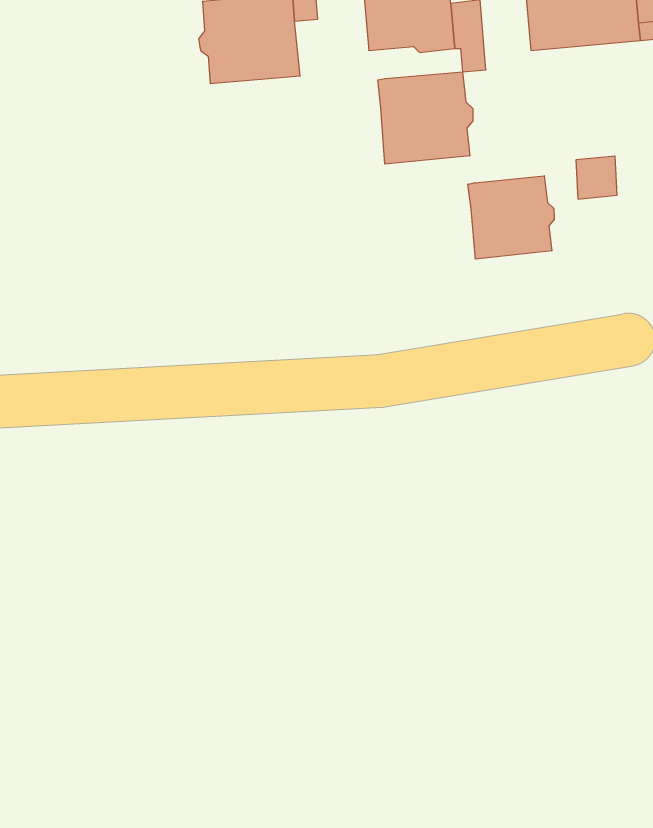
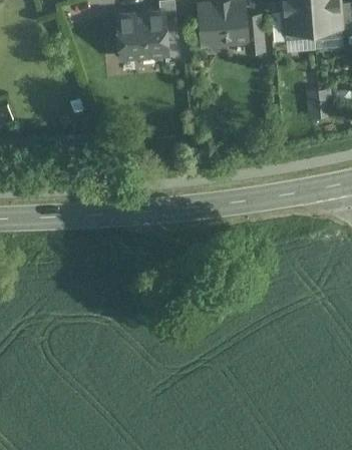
building: [378,72,473,164] -> none
building: [468,176,554,259] -> none

